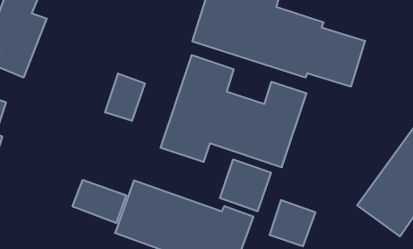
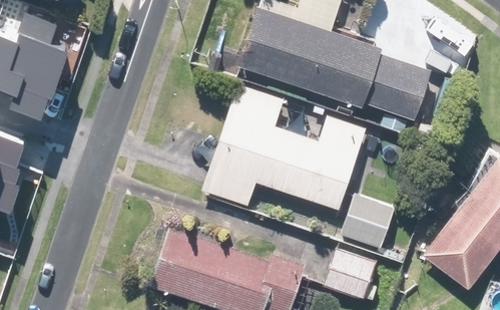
building: [105,73,145,121] -> none
building: [220,160,271,211] -> [338,194,396,252]
building: [73,180,126,223] -> none

